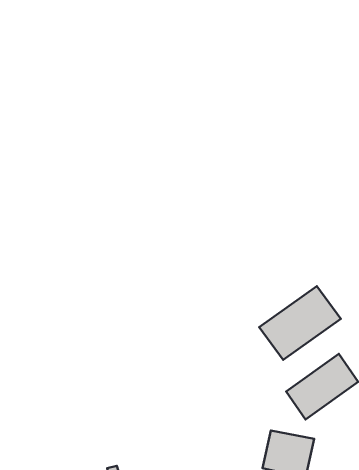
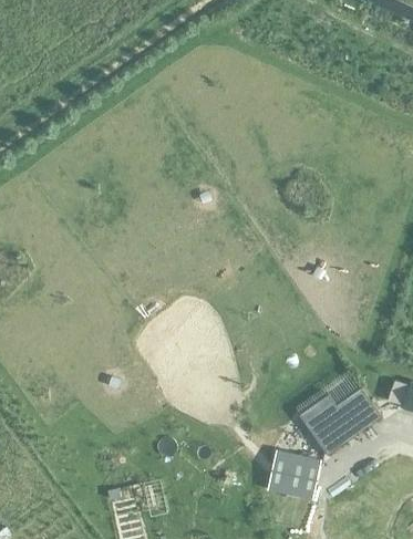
building: [259,286,341,360] -> none

